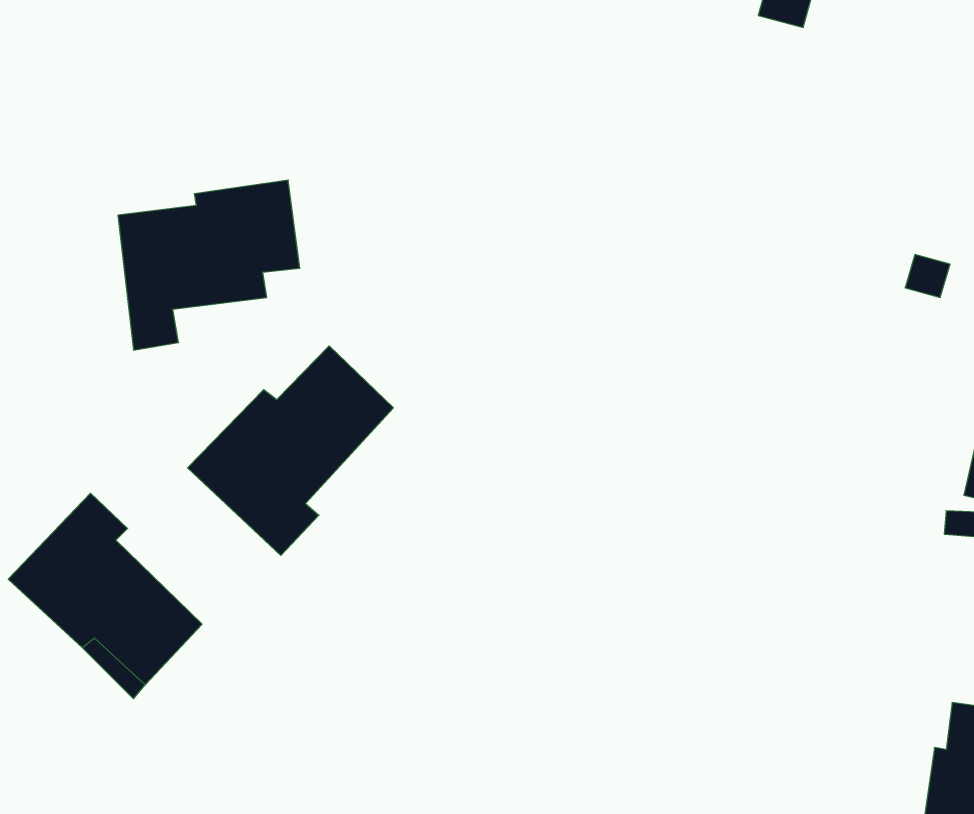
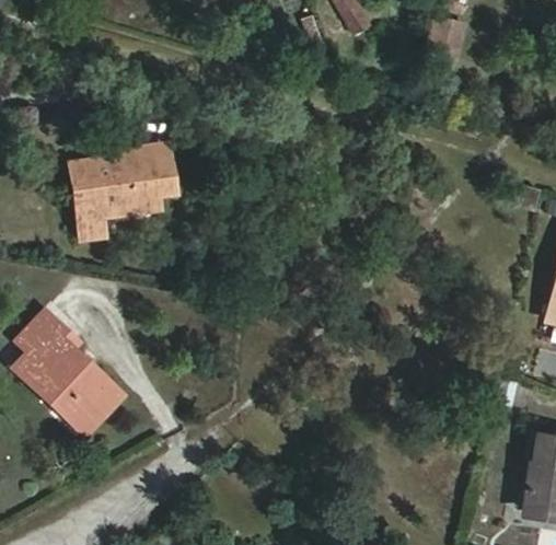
building: [188,346,393,555] -> none

